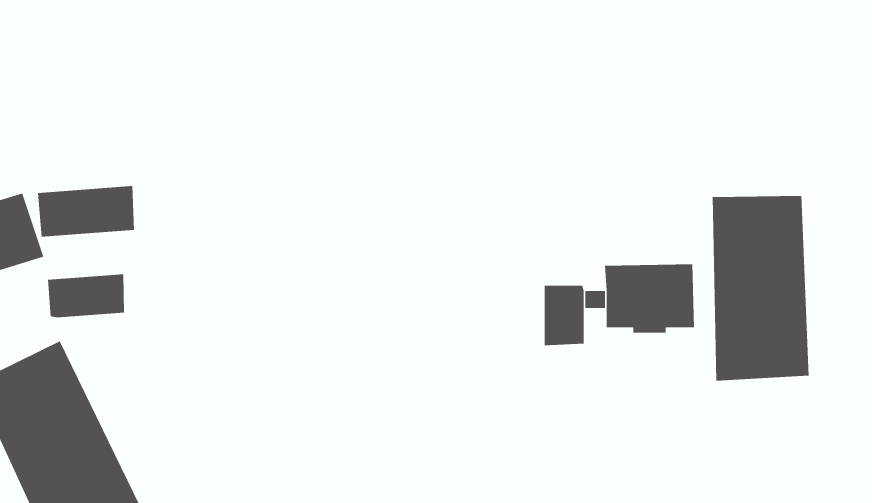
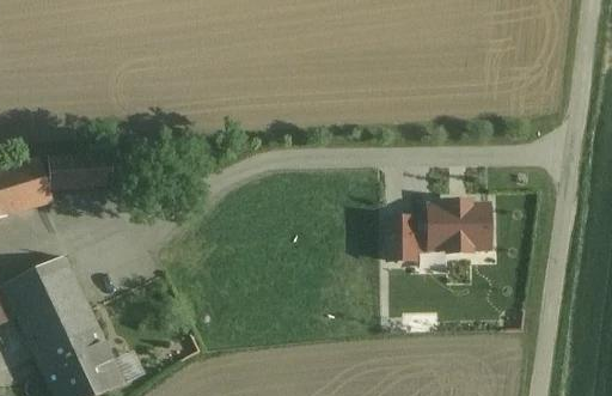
building: [712,195,809,381] -> none
building: [47,273,124,318] -> none

